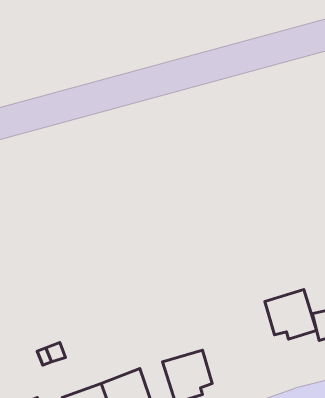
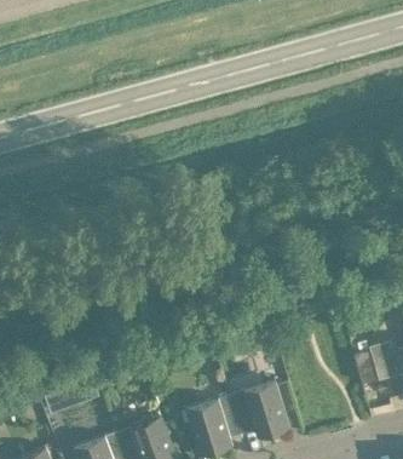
building: [265,290,317,339] -> [231,381,289,437]

